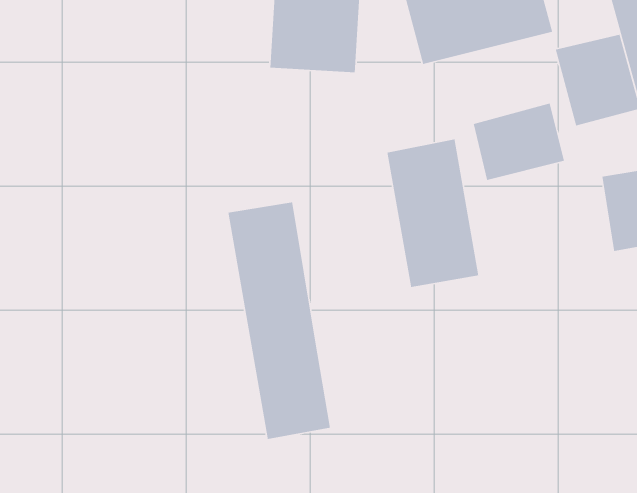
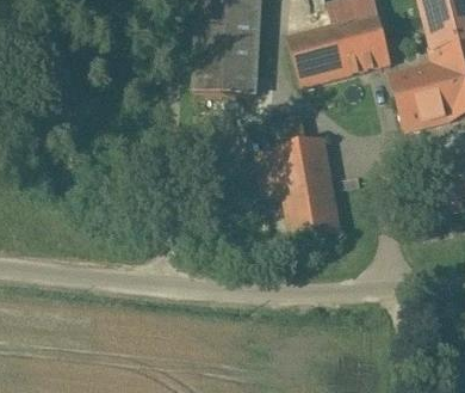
building: [473,103,565,181] -> none
building: [227,202,331,440] -> none

